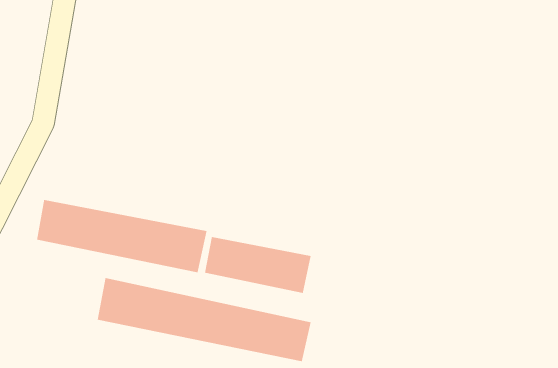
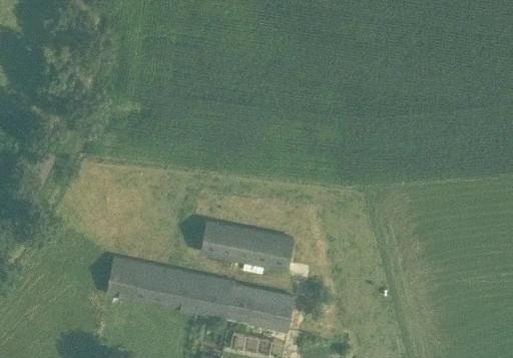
building: [36,199,207,273] -> none

